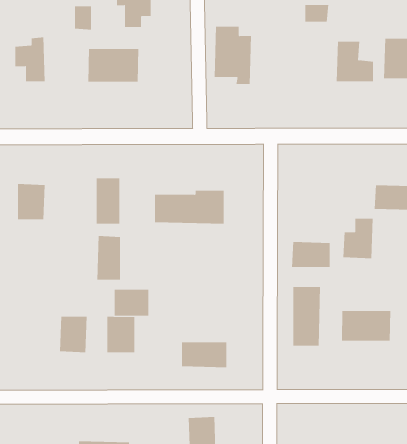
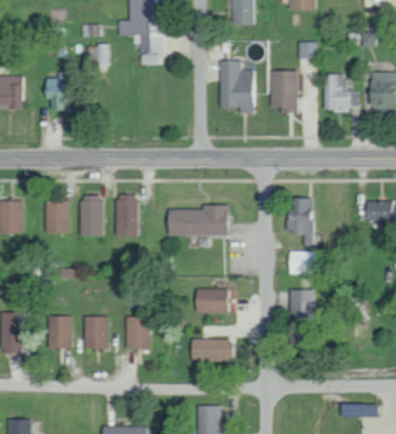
building: none -> [271,72,298,113]
building: [88,48,139,82] -> none
building: [342,218,374,259] -> [285,199,313,235]
building: [96,236,121,280] -> [81,196,103,235]
building: [114,289,149,316] -> [196,289,227,312]
building: [341,310,391,341] -> none
building: none -> [48,317,72,349]

